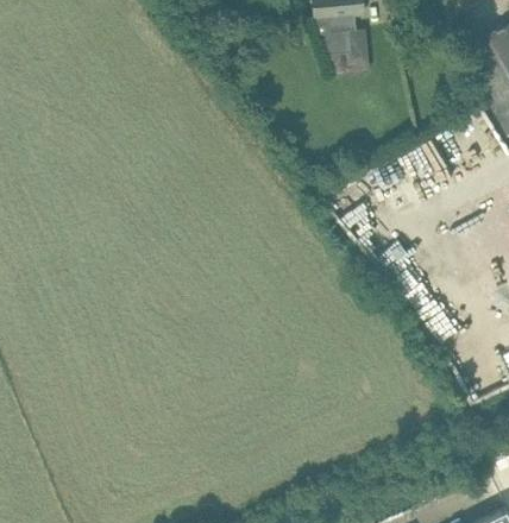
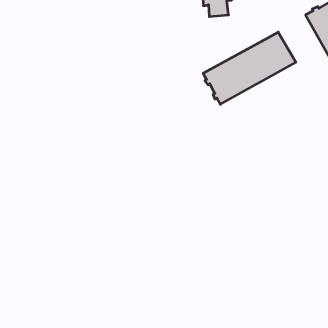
building: none -> [203,32,296,104]

